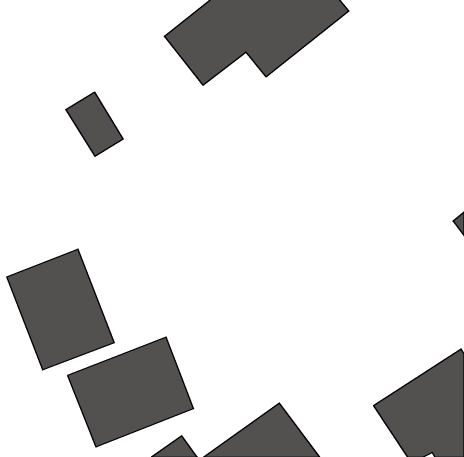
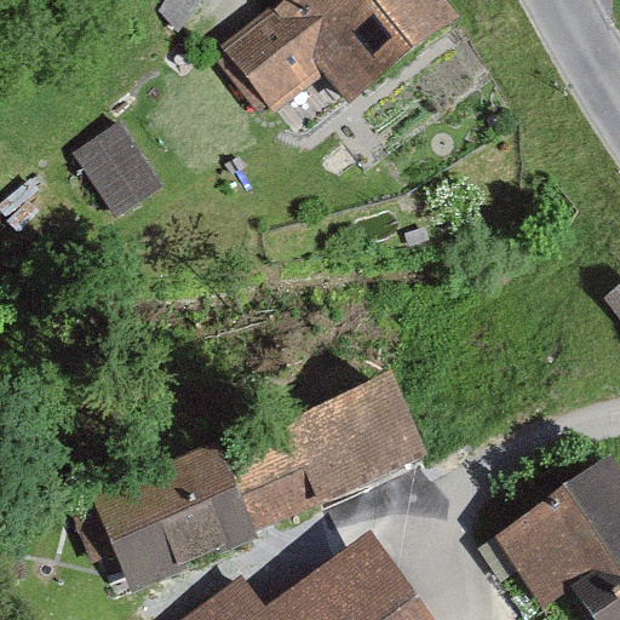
building: [7,249,114,370] -> none
building: none -> [229,381,421,526]

